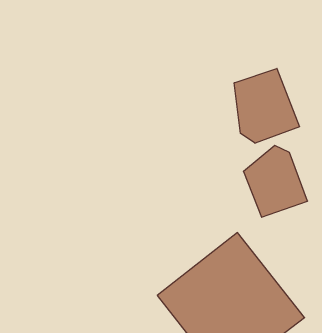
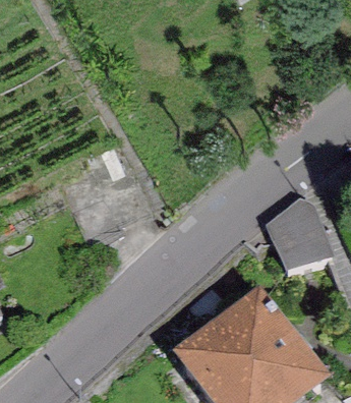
building: [234,68,299,143] -> none

